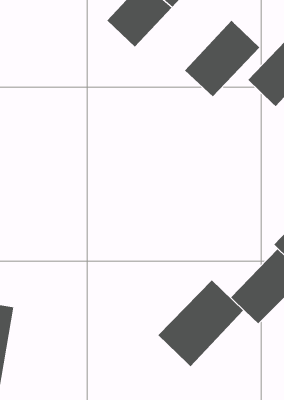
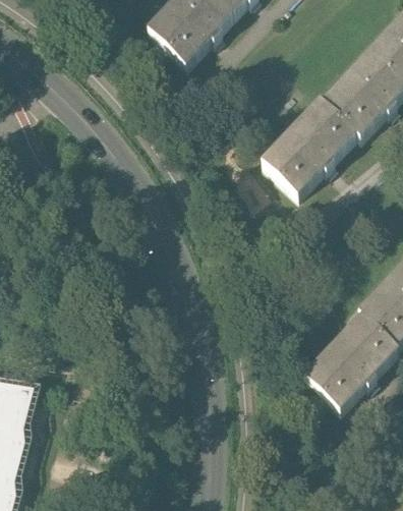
building: [184,20,260,97] -> [263,102,357,198]
building: [158,279,244,367] -> none

